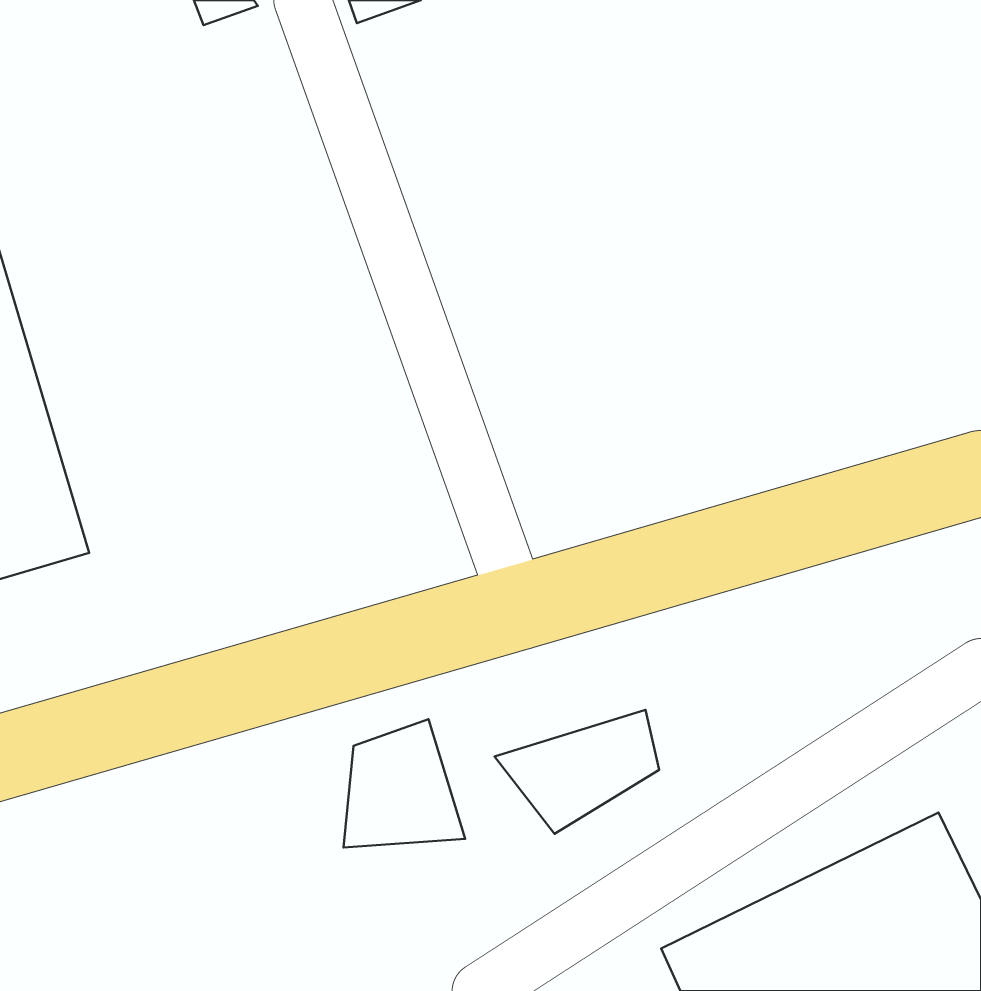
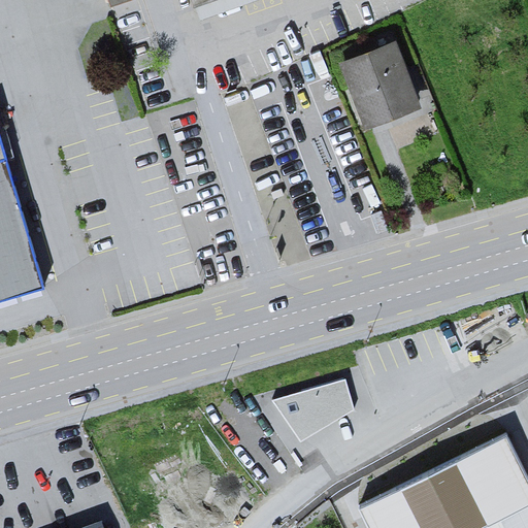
building: none -> [341,48,422,133]
building: [344,719,465,847] -> none

